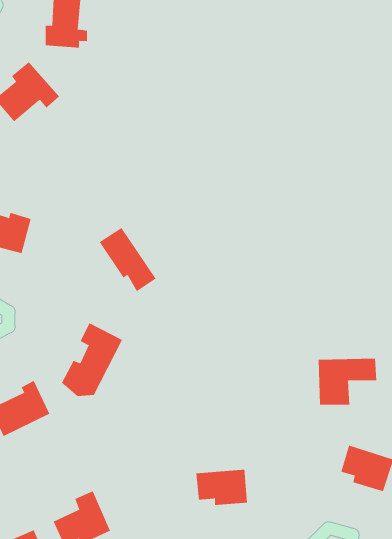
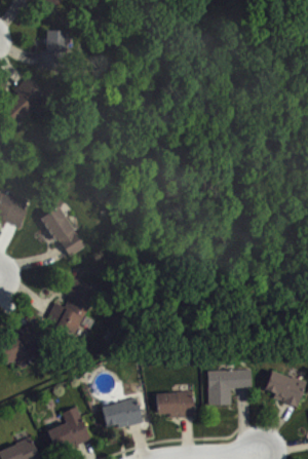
building: [99,227,157,292] -> [42,207,86,257]
building: [318,358,377,405] -> [207,369,253,405]
building: none -> [100,396,143,426]

